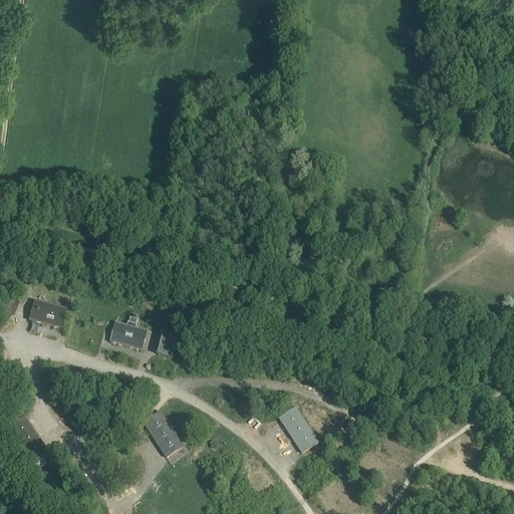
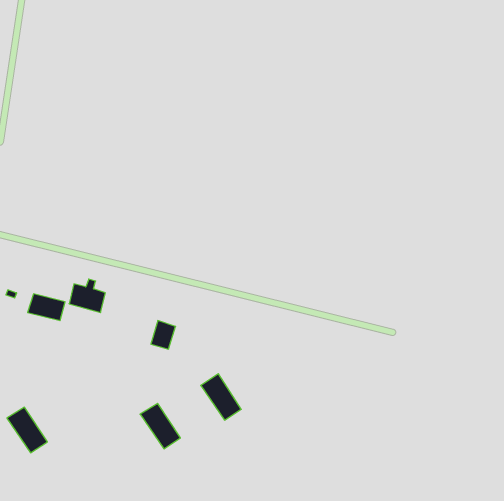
building: [110,315,148,349] -> [69,279,105,313]
building: [278,406,319,453] -> [201,374,241,420]

